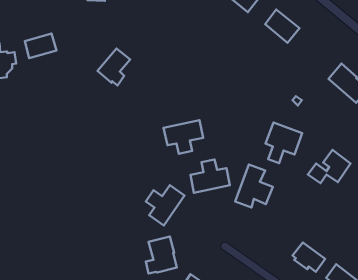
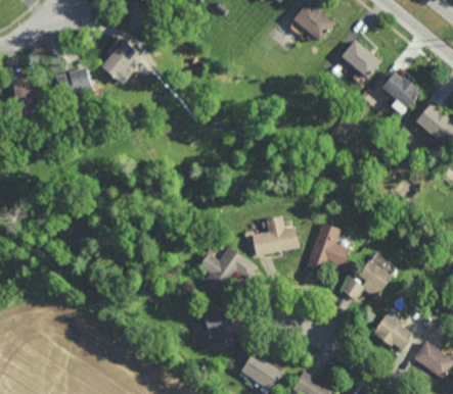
building: none -> [383,70,420,112]
building: [98,48,130,85] -> [101,39,140,83]
building: [164,120,203,154] -> none
building: [266,122,302,163] -> none
building: [308,150,351,183] -> [341,259,392,299]

